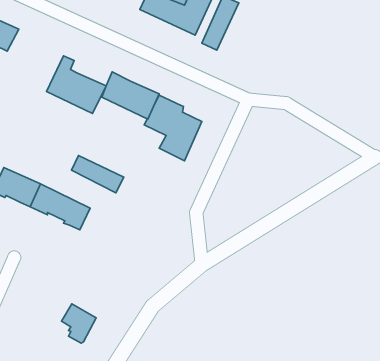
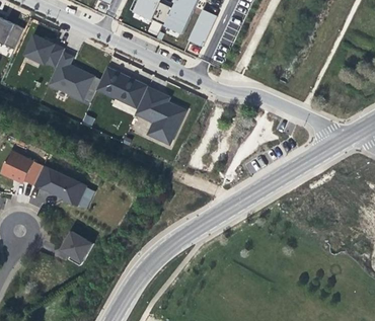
building: none -> [27,35,65,67]
building: [71,155,124,193] -> none
building: [61,304,96,343] -> [63,231,93,265]

